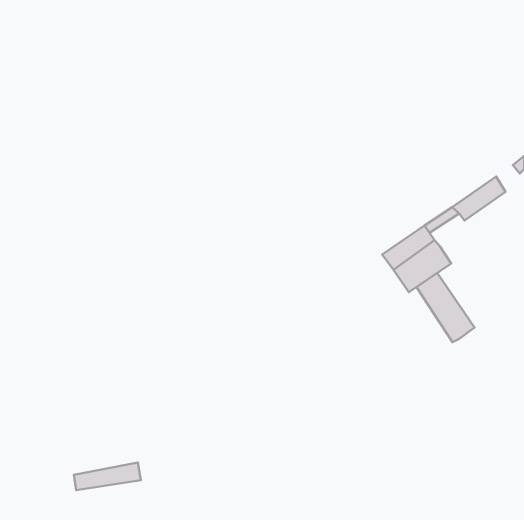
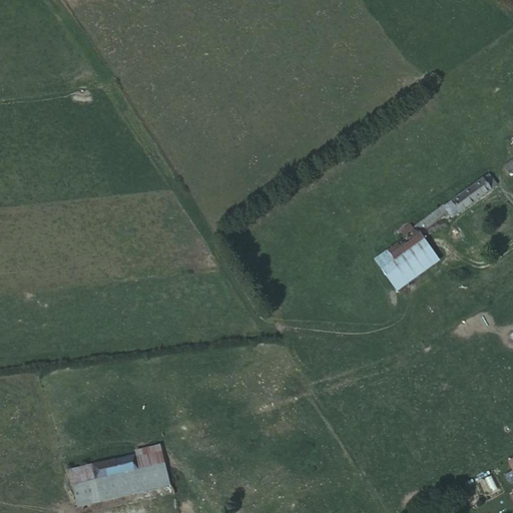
building: [417,273,475,342] -> none
building: none -> [74,446,165,503]

